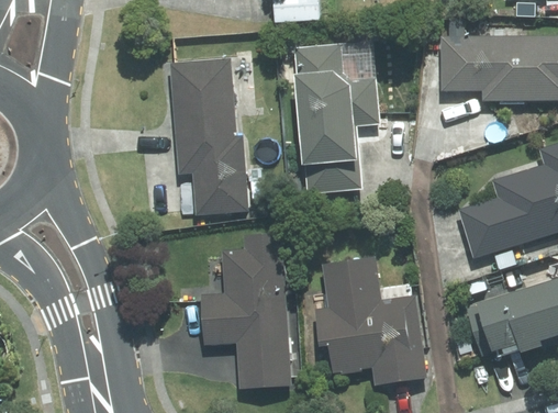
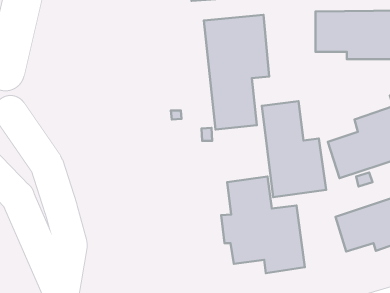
building: [169,57,249,213] -> none
building: none -> [262,101,326,197]
building: [202,233,292,389] -> none

